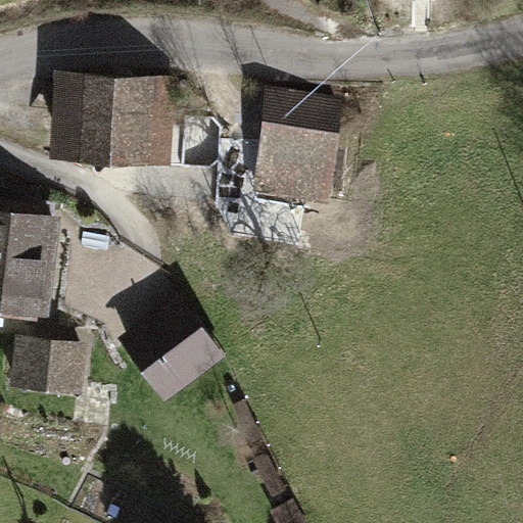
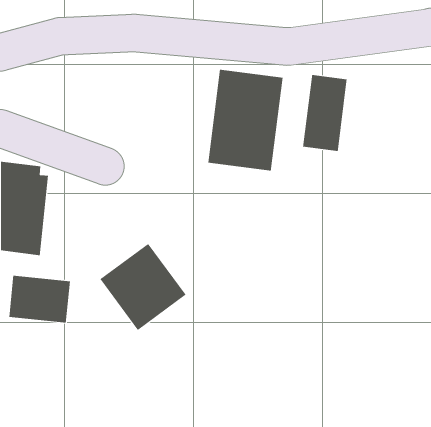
building: [49,74,177,167] -> none
building: none -> [303,74,347,152]

